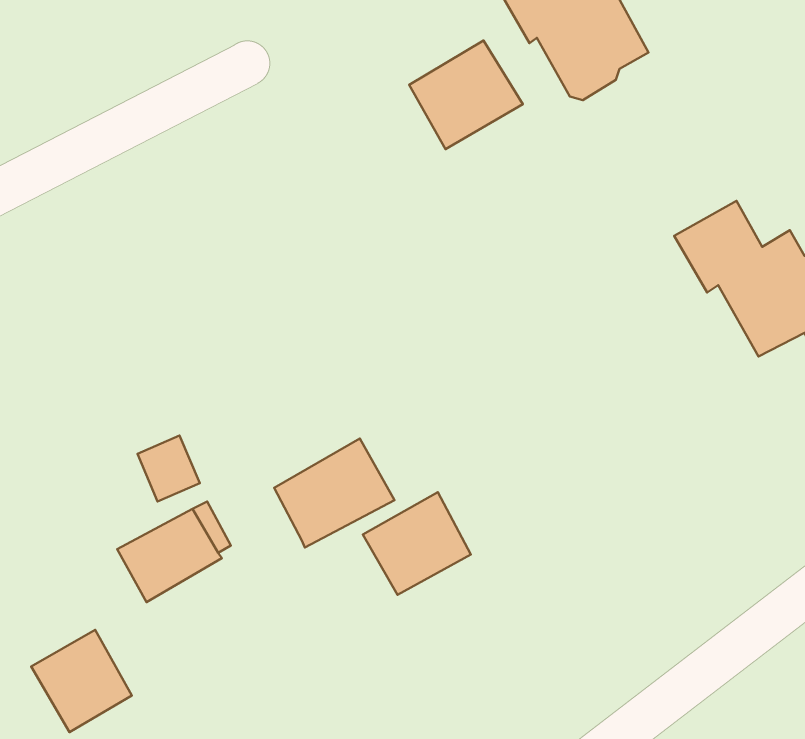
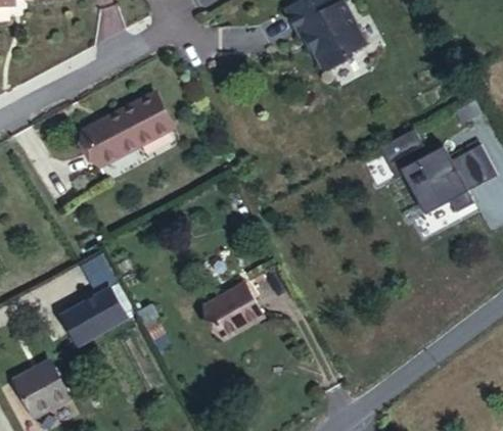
building: [409,41,523,149] -> none
building: none -> [80,92,171,165]
building: [274,438,394,547] -> none

